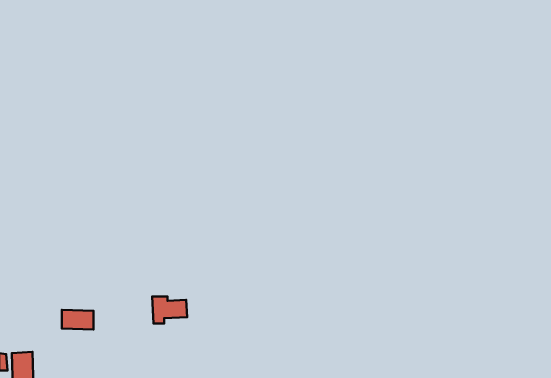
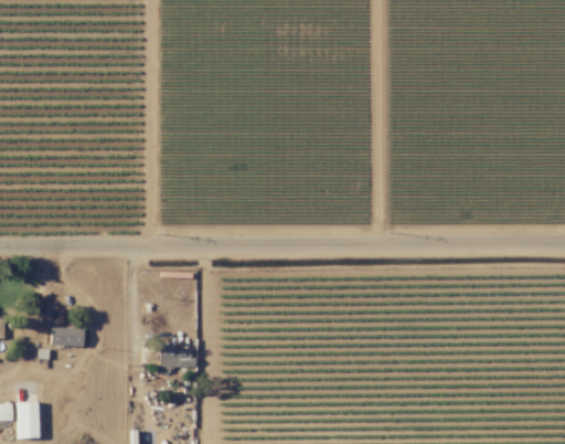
building: [62,310,93,329] -> [52,326,84,346]

